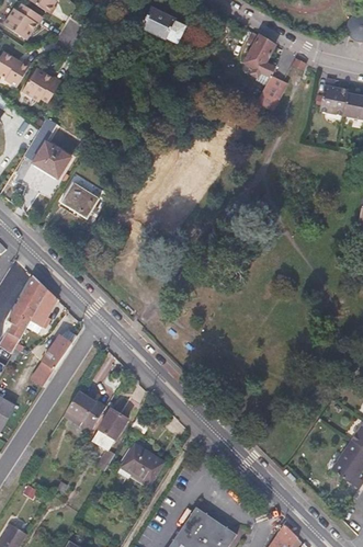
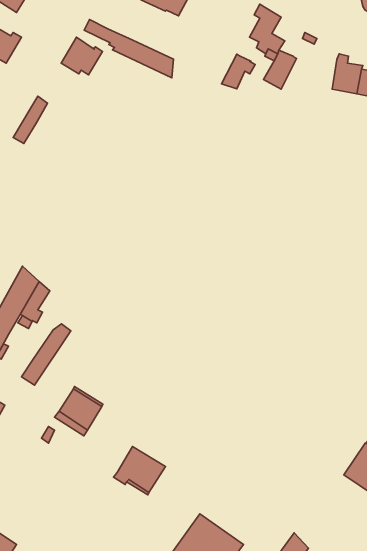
building: none -> [84,20,174,78]
building: [22,67,60,102] -> [61,37,103,75]
building: none -> [222,54,255,89]
building: [32,141,70,179] -> none
building: [60,183,98,217] -> none
building: [91,408,127,470] -> none

